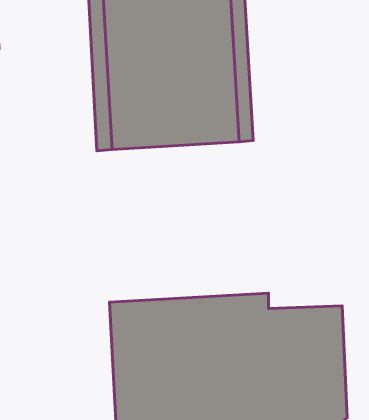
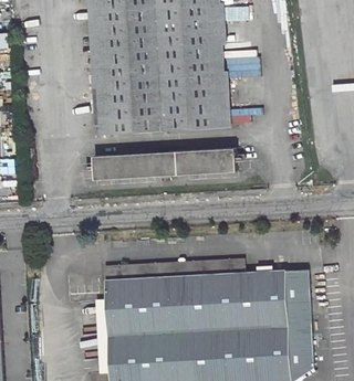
building: none -> [94,149,236,180]

